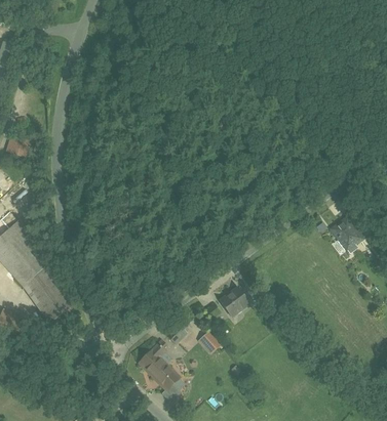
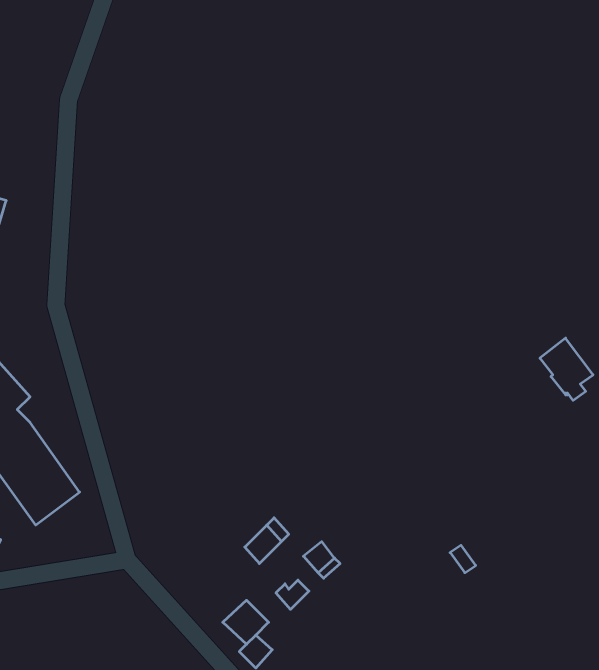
building: [220,288,248,315] -> none
building: [140,339,168,377] -> none

